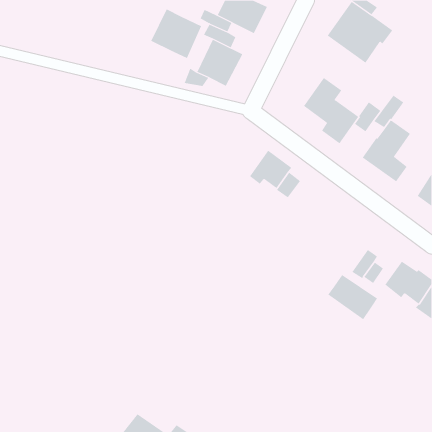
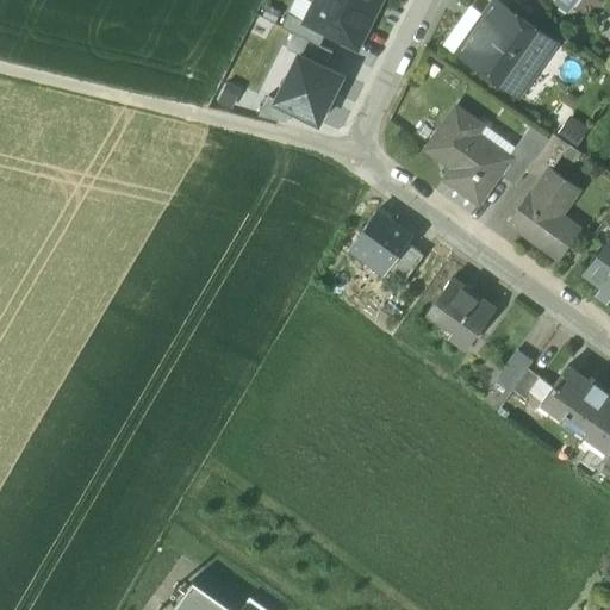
building: [150,9,202,59] -> none
building: none -> [429,279,494,348]
building: [327,274,378,320] -> none

